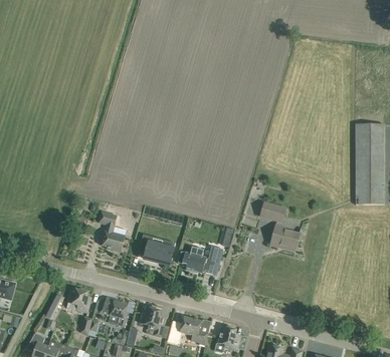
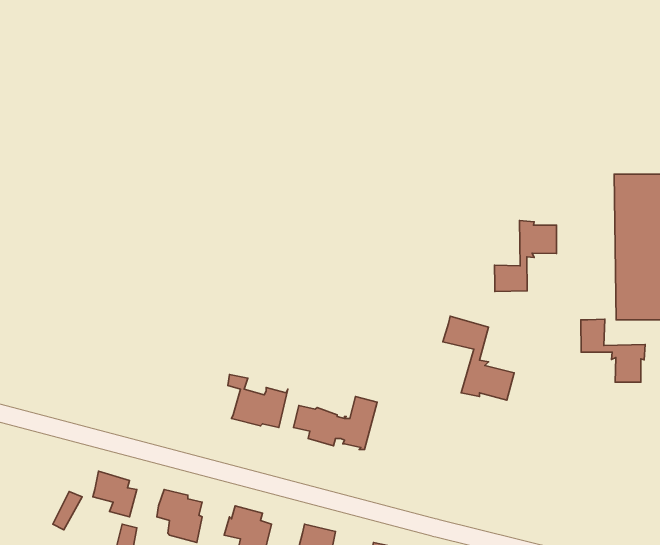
building: none -> [495,221,556,291]
building: none -> [581,319,645,382]
building: [99,211,126,252] -> none

